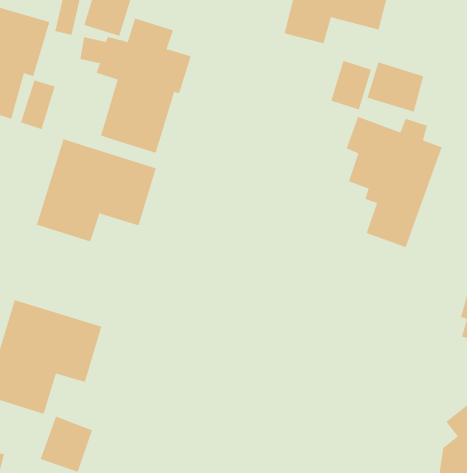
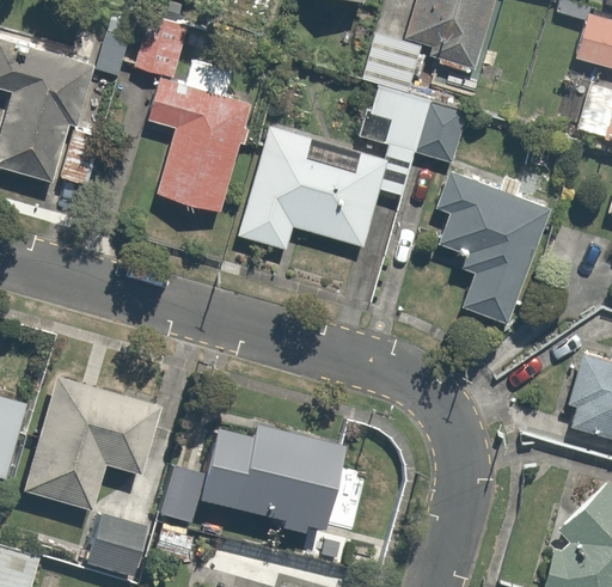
building: none -> [237,85,430,252]
building: [367,61,424,113] -> none
building: [36,139,156,242] -> none
building: none -> [157,424,336,536]

